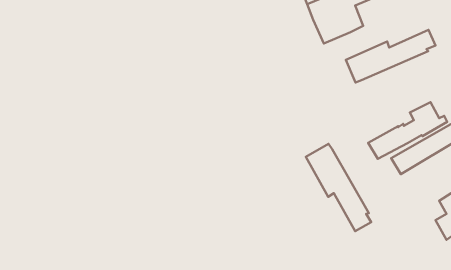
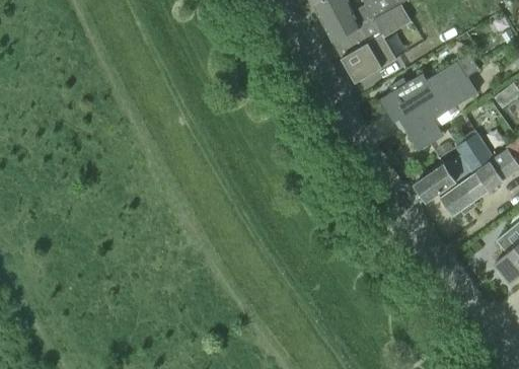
building: none -> [399,80,476,151]
building: [306,144,371,231] -> none

